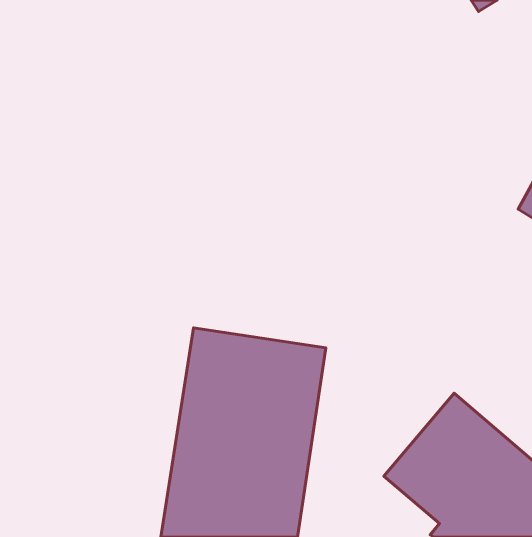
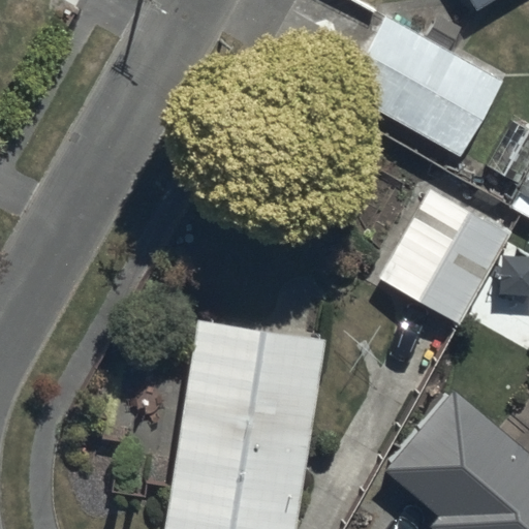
building: none -> [342,12,504,159]
building: none -> [383,188,515,322]

